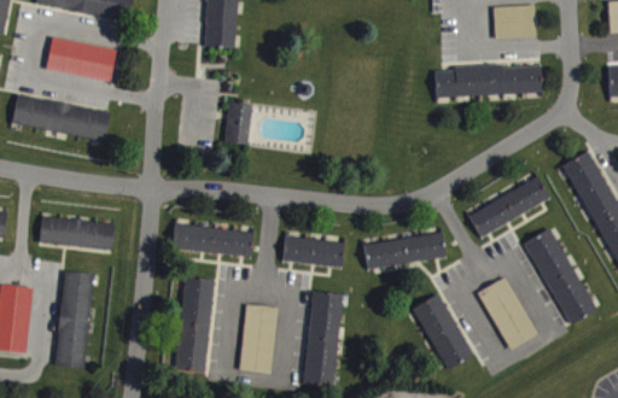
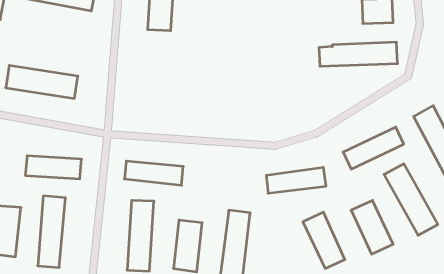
building: [46,36,116,82] -> none
building: [223,101,253,145] -> none
building: [282,235,345,269] -> none

